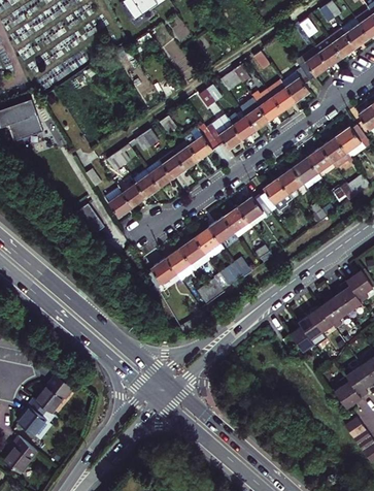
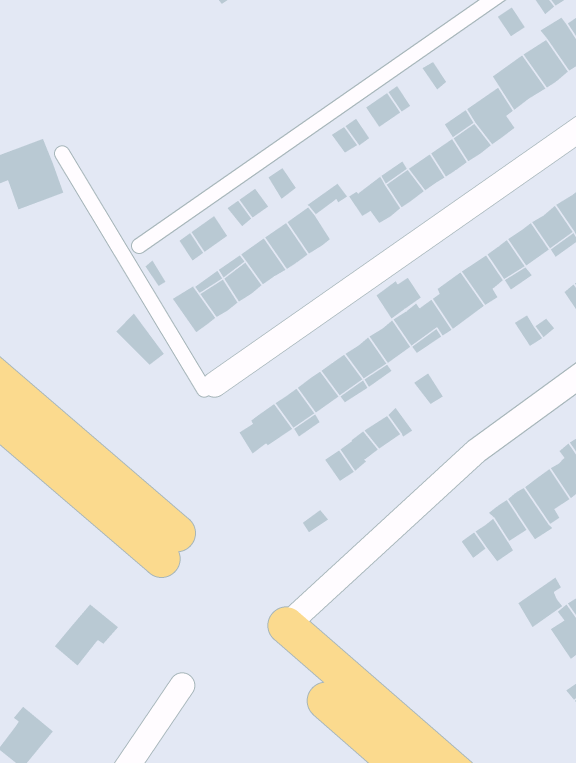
building: [193,130,220,156] -> [376,277,422,320]
building: none -> [517,576,563,628]
building: [16,399,48,437] -> none

